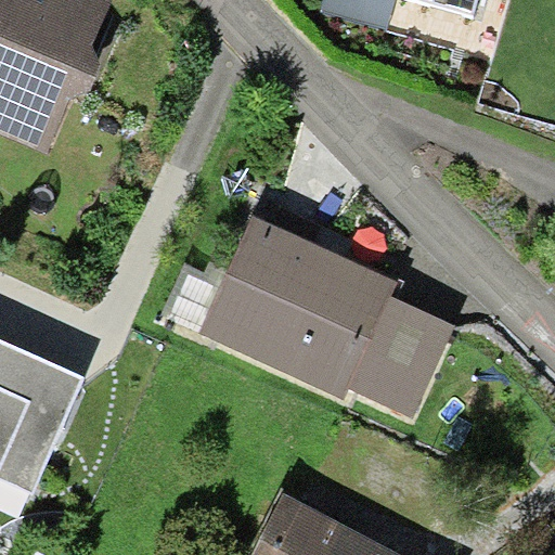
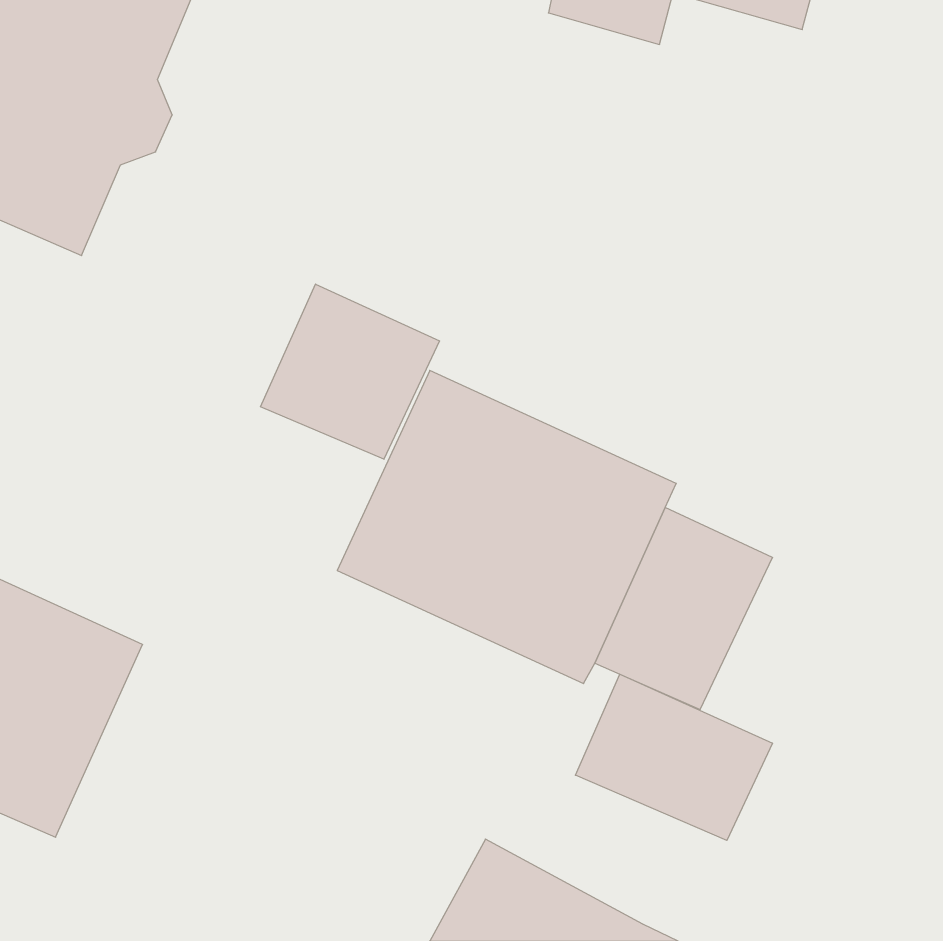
building: none -> [260,284,439,459]
building: none -> [575,674,772,840]

